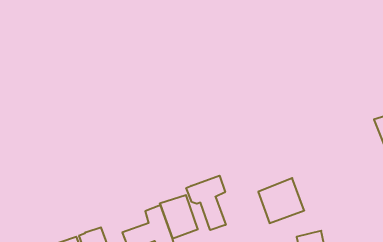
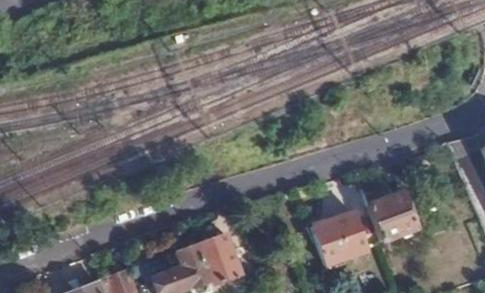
building: none -> [369,194,414,240]
building: [186,176,226,230] -> none

